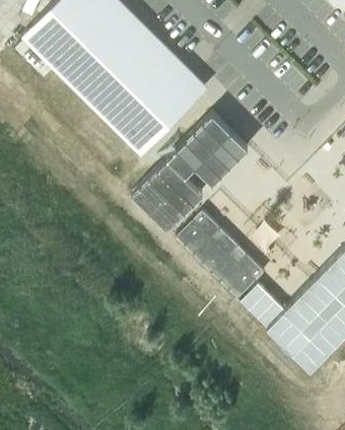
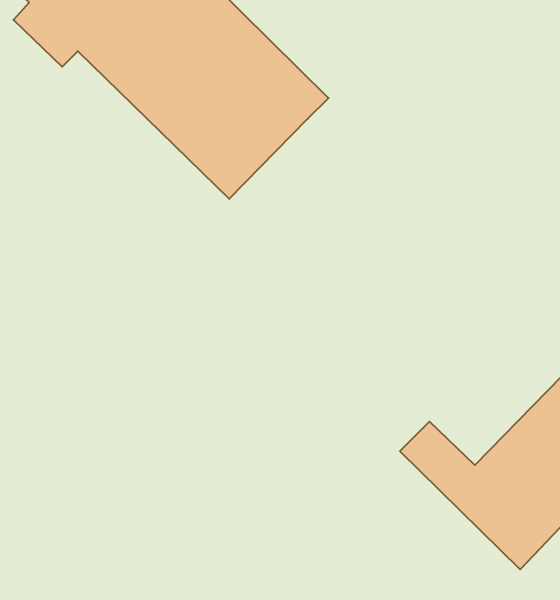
building: [133,114,250,230] -> none
building: [178,212,267,300] -> none

